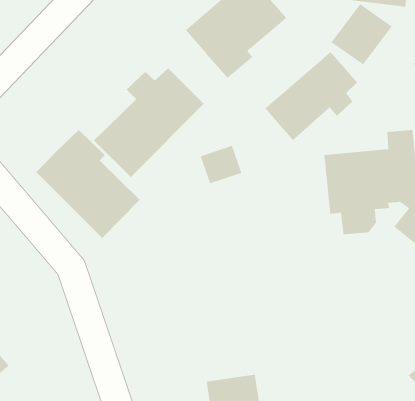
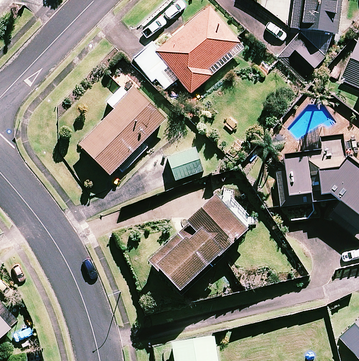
building: [264,51,358,141] -> none
building: [35,129,141,239] -> none
building: none -> [151,195,246,290]

